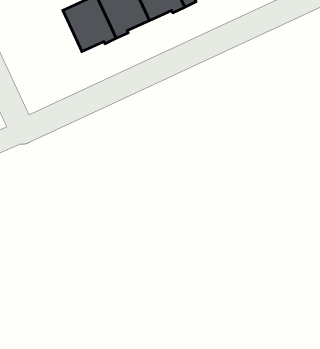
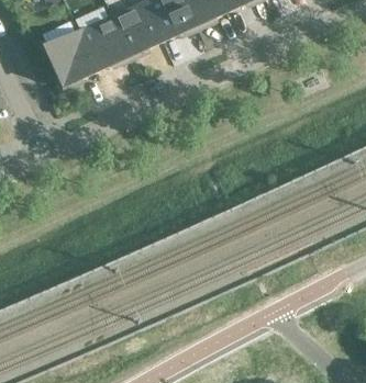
building: none -> [41,30,93,89]

